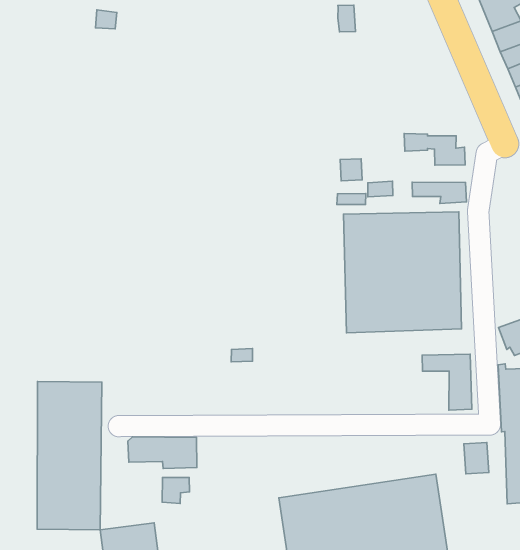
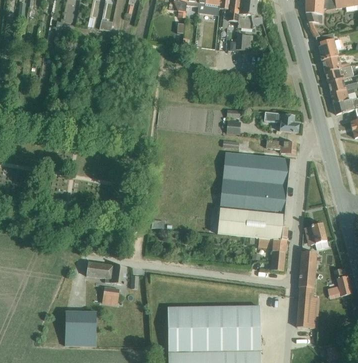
building: none -> [217,218,288,239]
building: [37,382,102,530] -> none

